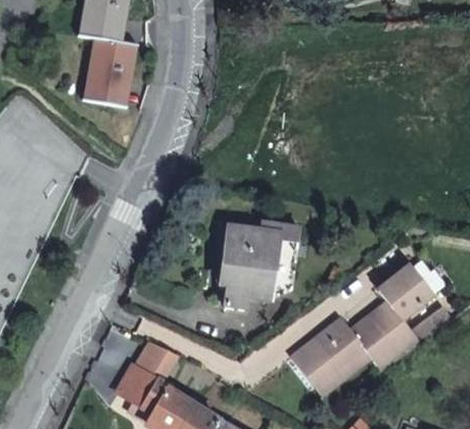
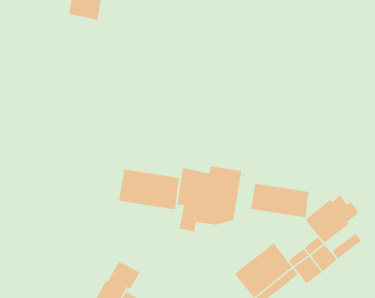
building: [88,40,137,110] -> none
building: none -> [118,169,180,210]
building: none -> [250,183,310,218]

